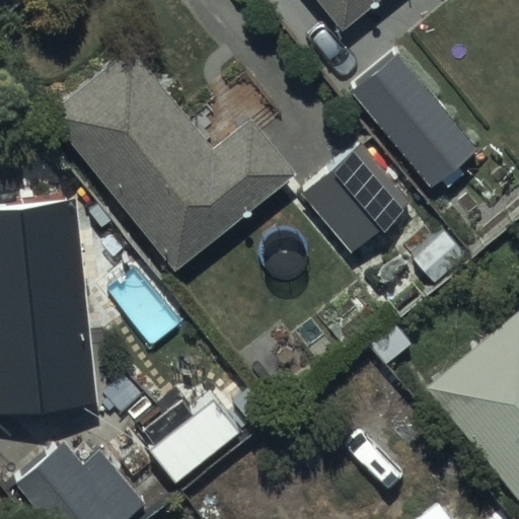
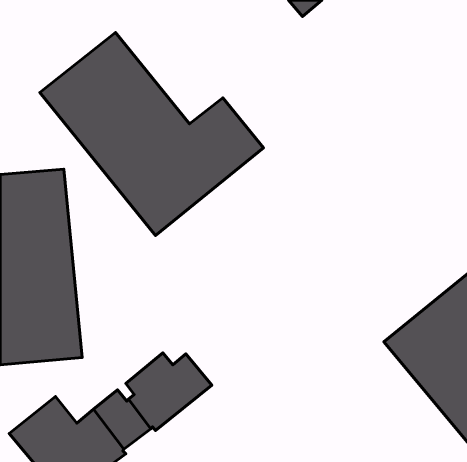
building: [350,64,452,187] -> none
building: [302,145,414,256] -> none

